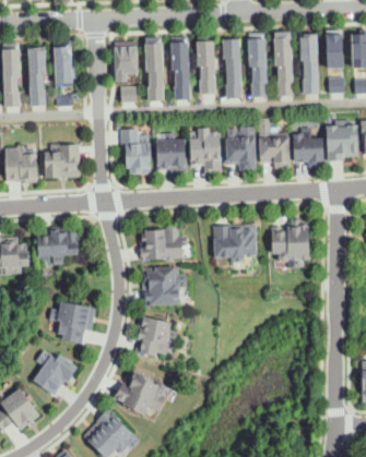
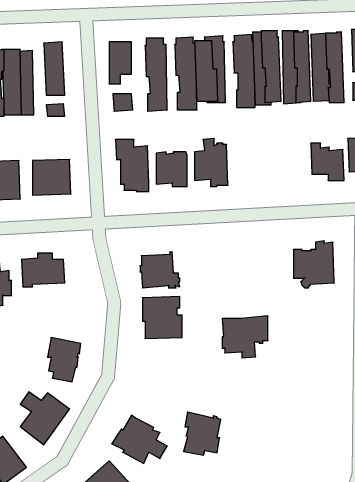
building: [258,119,287,163] -> none
building: [224,127,255,169] -> none
building: [221,225,261,262] -> [222,316,268,358]
building: [137,317,169,356] -> [184,412,221,455]

